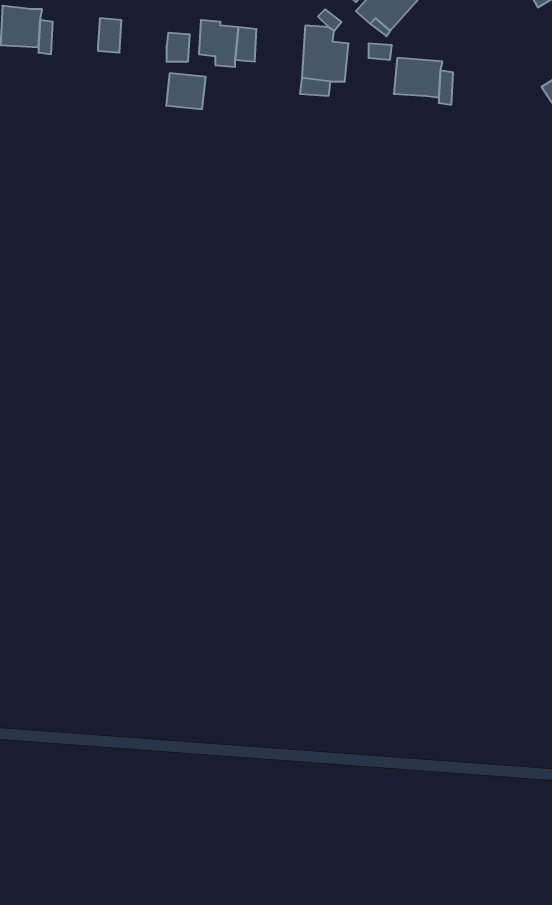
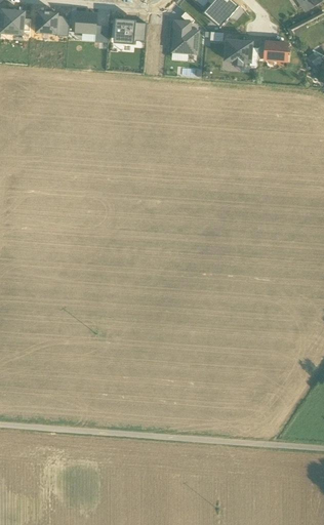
building: none -> [36,10,58,33]
building: none -> [264,41,288,59]
building: [166,73,206,109] -> [75,12,97,33]

